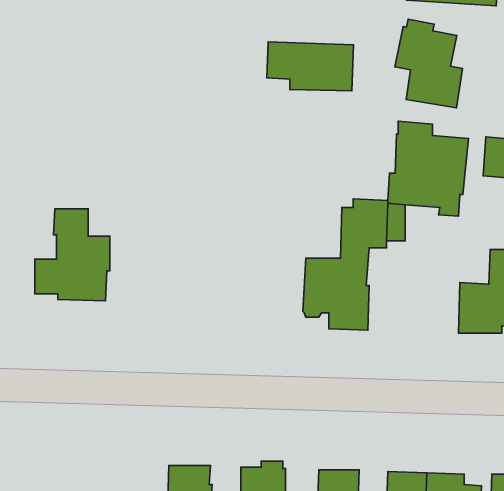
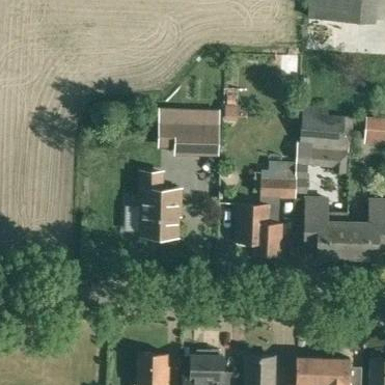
building: [395,19,463,108] -> none
building: [267,42,353,91] -> [159,121,221,157]
building: [35,209,110,301] -> [127,170,181,237]
building: none -> [304,196,349,257]

